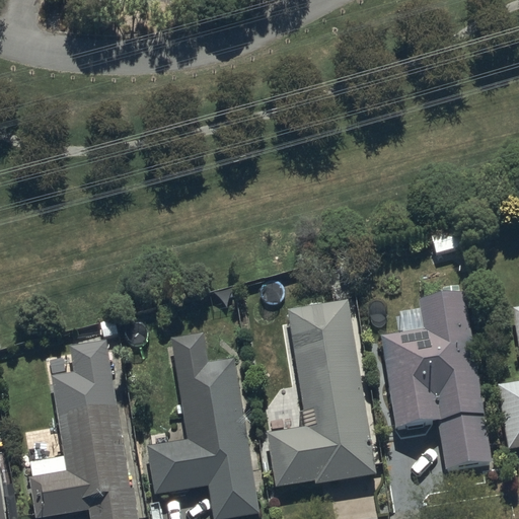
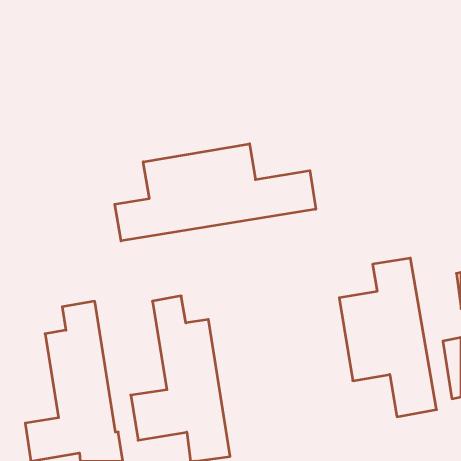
building: none -> [115,144,316,241]
building: [268,299,376,487] -> none

